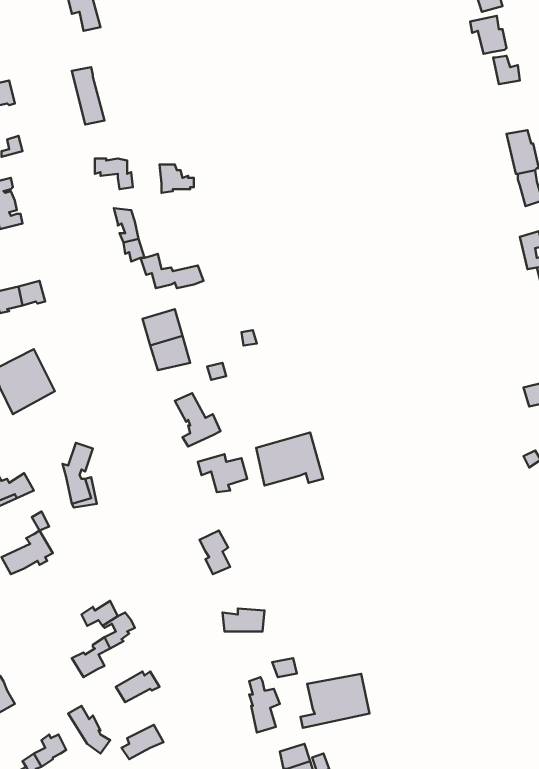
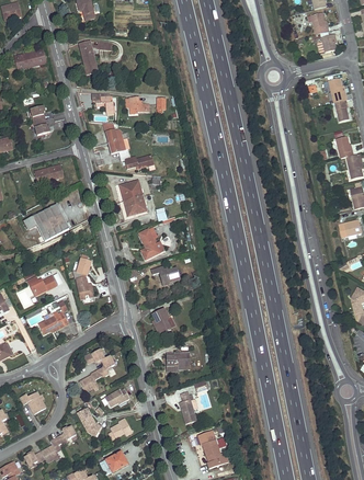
building: [256,433,323,486] -> none
building: [300,674,370,728] -> none

